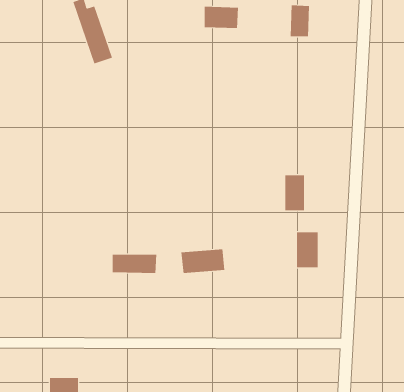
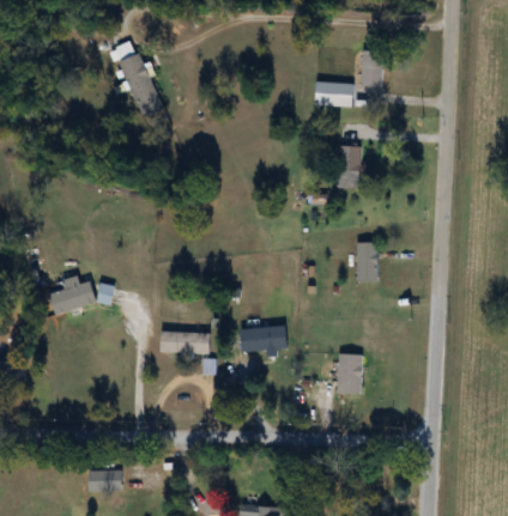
building: [204,6,239,29] -> [314,81,353,107]
building: none -> [337,146,361,188]
building: none -> [49,275,97,315]
building: [296,232,319,268] -> [337,353,362,394]

